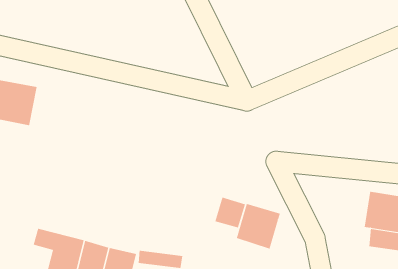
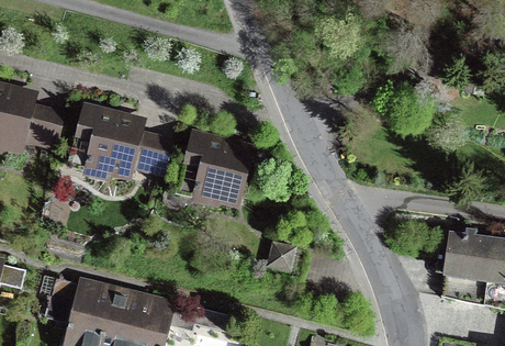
building: none -> [79,116,165,177]
building: none -> [179,141,252,197]
building: [236,203,280,250] -> none

